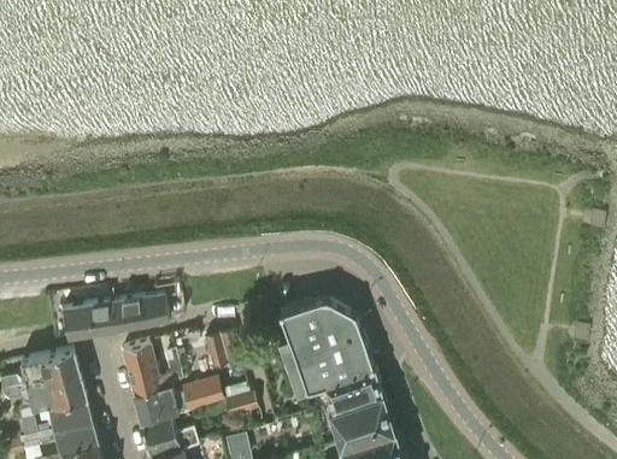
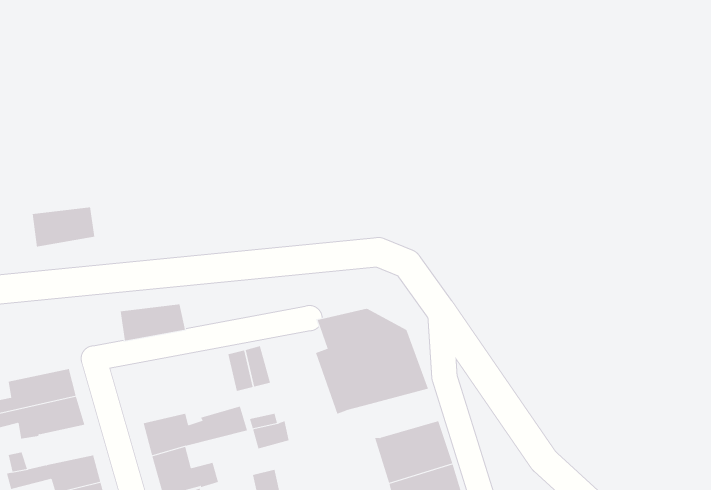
building: [64,300,117,334] -> [32,207,95,247]
building: [121,342,174,394] -> none
building: [323,365,381,406] -> none
building: [46,395,92,429] -> none

